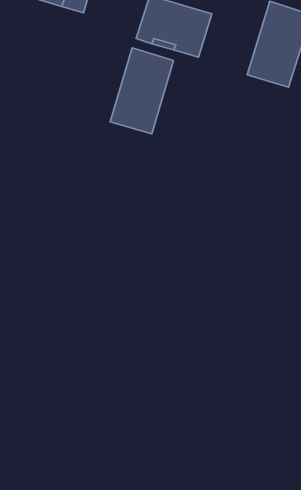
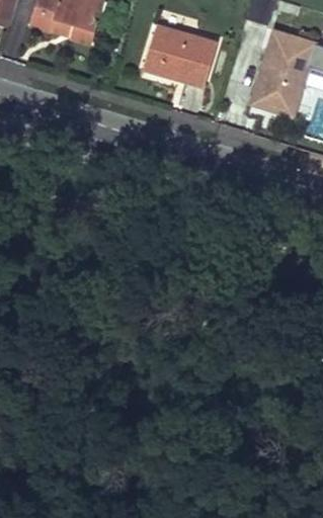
building: [110,48,174,134] -> none

